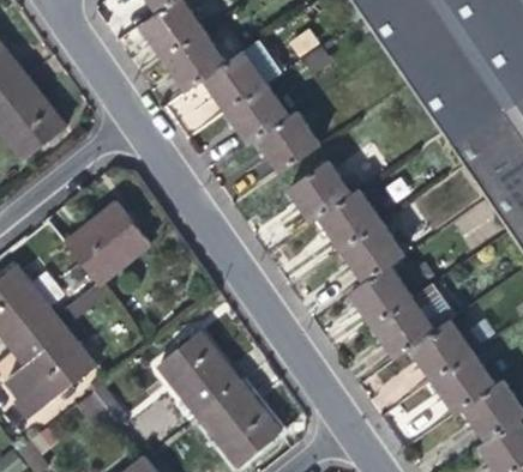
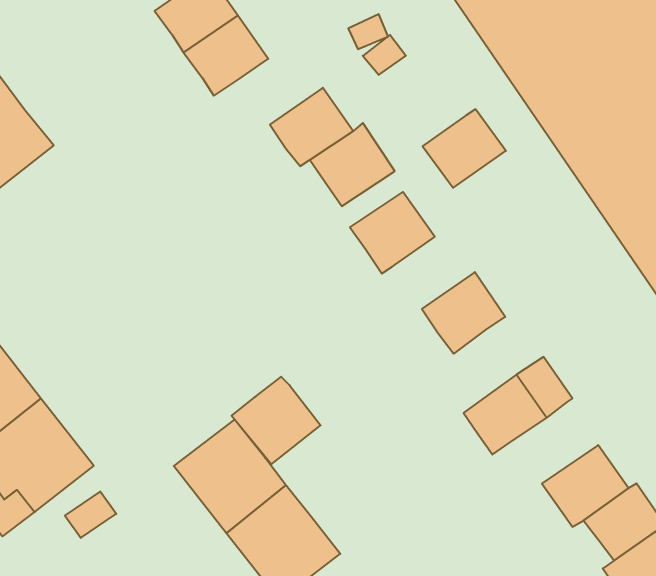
building: [205,41,283,111] -> none
building: [320,190,383,249] -> [423,109,506,188]
building: [65,202,151,286] -> none
building: [350,265,414,327] -> none
building: none -> [232,377,321,464]
building: [411,319,475,380] -> none

